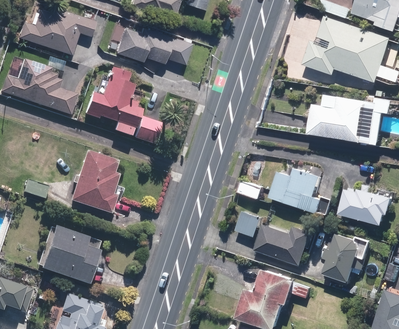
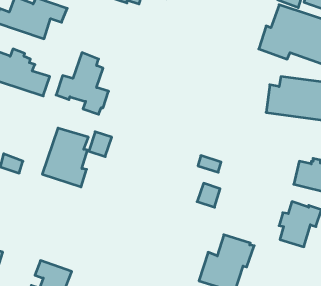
building: [106,23,189,65] -> none
building: [135,118,160,145] -> [89,132,112,157]
building: [271,168,324,212] -> none
building: [254,224,312,265] -> none
building: [40,226,101,285] -> none

